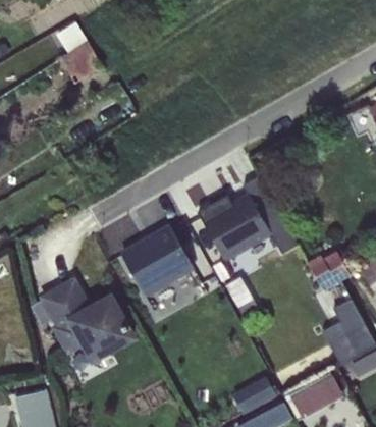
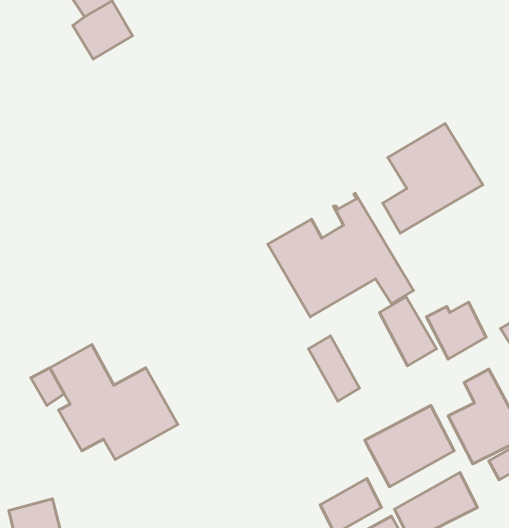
building: none -> [383,123,483,233]
building: [120,224,195,299] -> none
building: none -> [380,297,437,366]
building: none -> [365,405,454,487]

